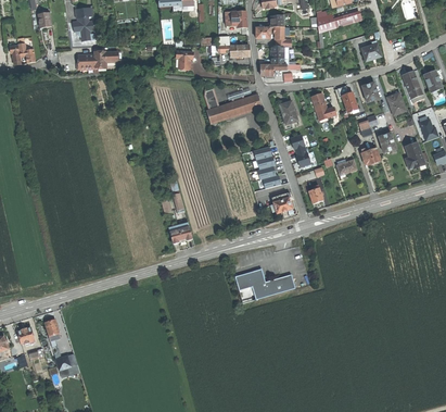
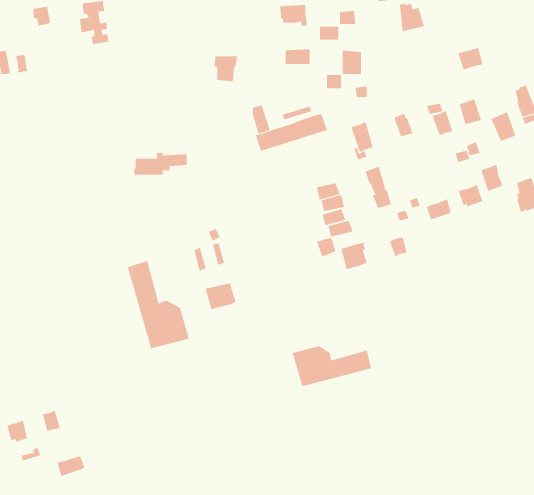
building: [75,51,116,68] -> [133,152,188,175]
building: none -> [127,260,189,349]

